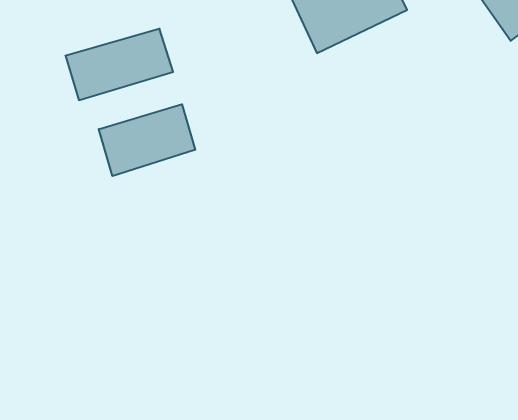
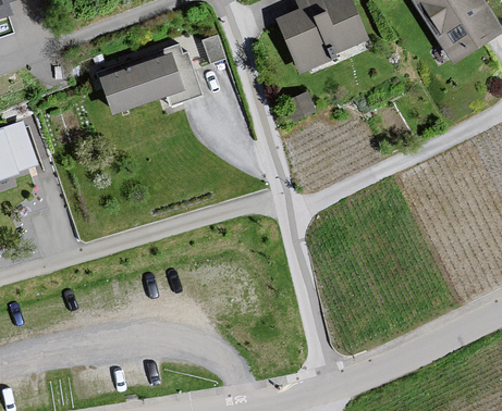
building: [99,104,195,176] -> none

